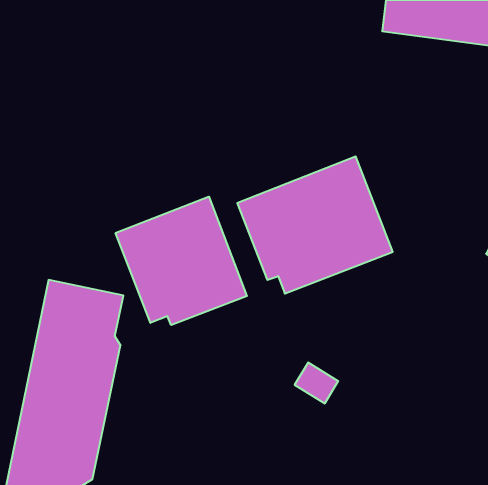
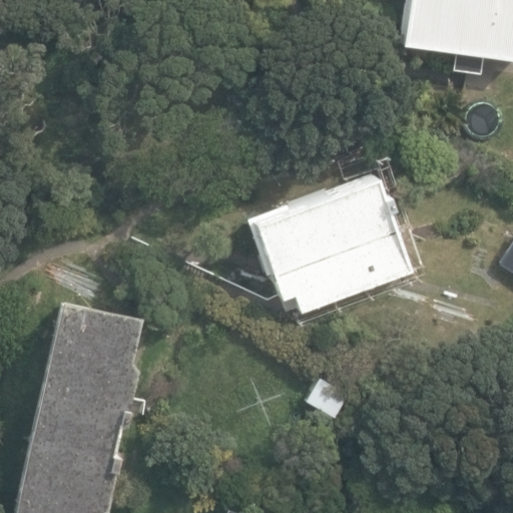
building: [116,197,247,325] -> none

